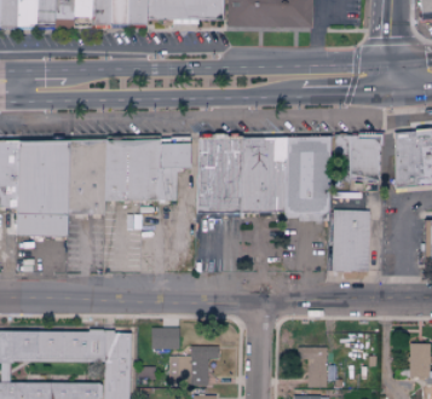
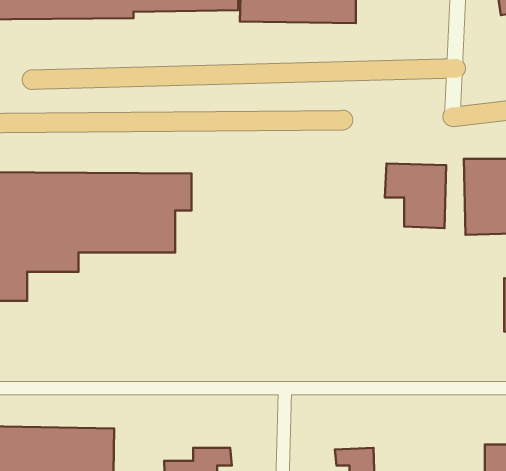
building: [196,135,327,221] -> none
building: [332,209,369,272] -> none
building: [150,328,178,348] -> none

